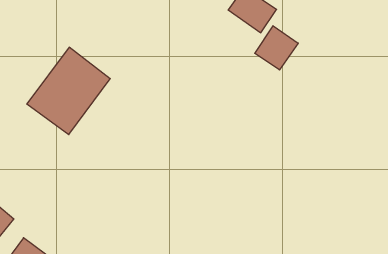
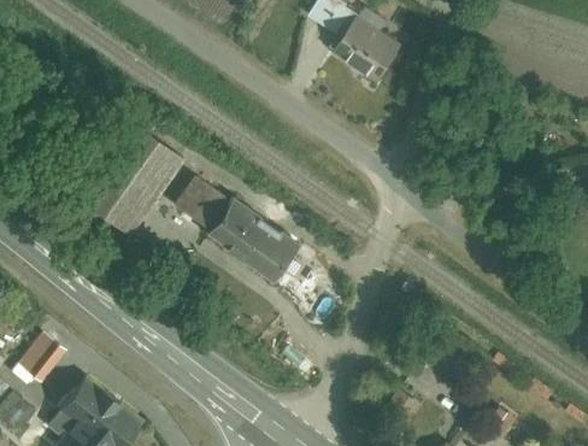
building: [255,26,298,70] -> none
building: none -> [181,180,304,282]

